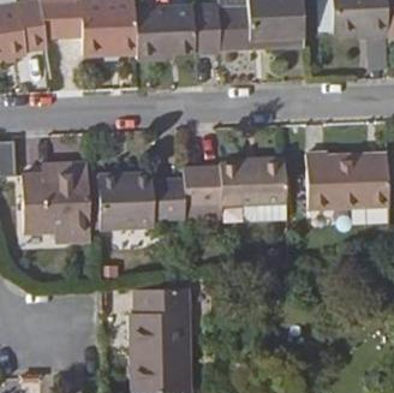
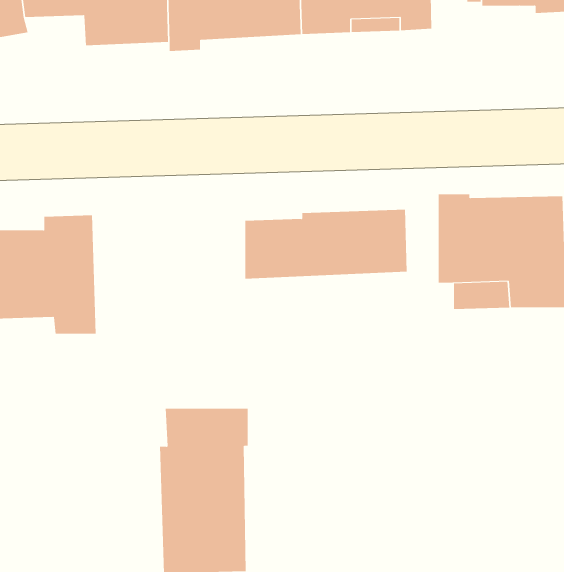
building: [101,172,185,226] -> none

